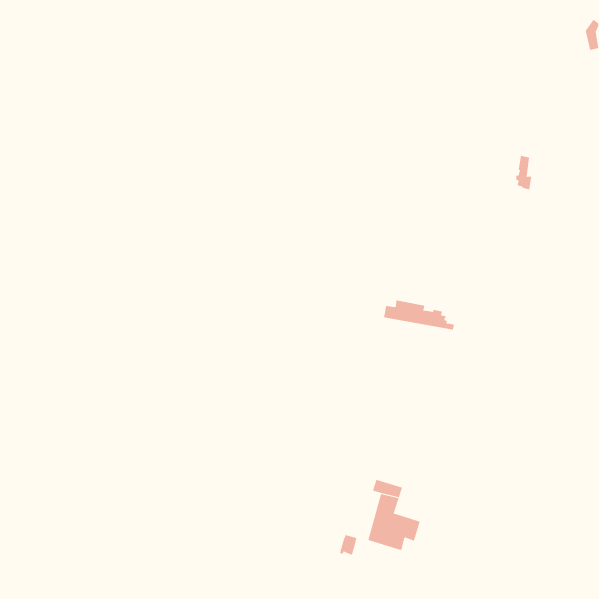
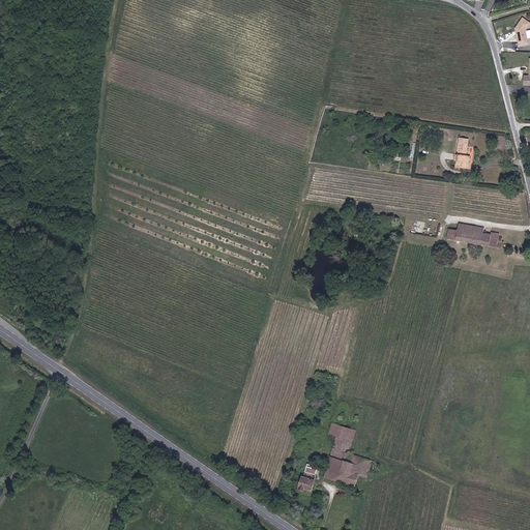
building: [383,300,455,330] -> [446,223,509,249]

